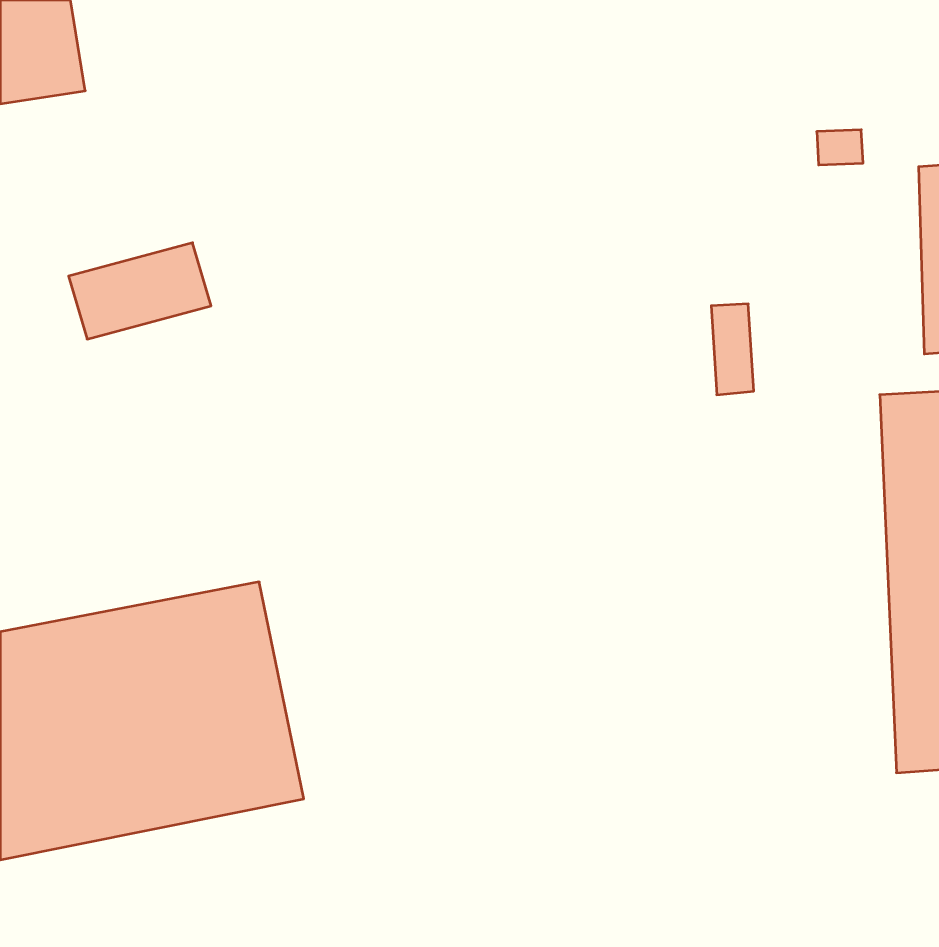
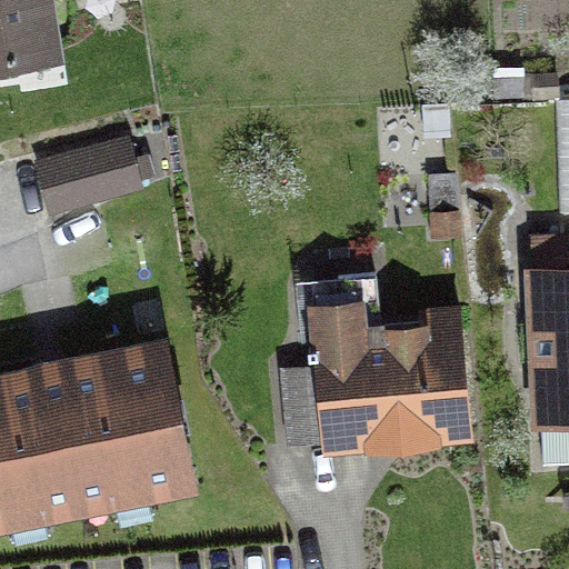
building: none -> [287,322,470,442]

